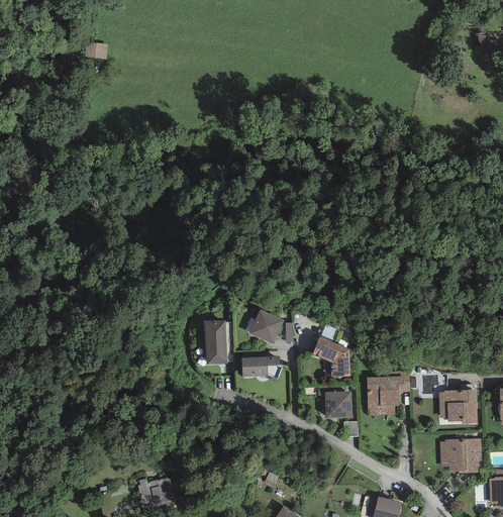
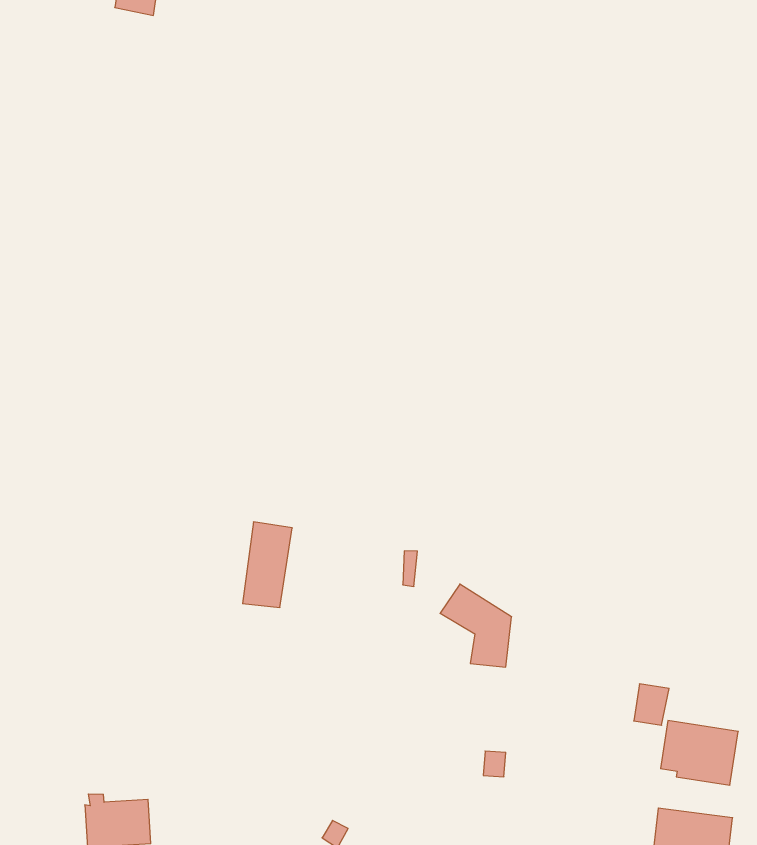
building: [249,310,283,342] -> none
building: [243,357,282,375] -> none
building: [368,378,410,414] -> none
building: [324,391,353,418] -> none

